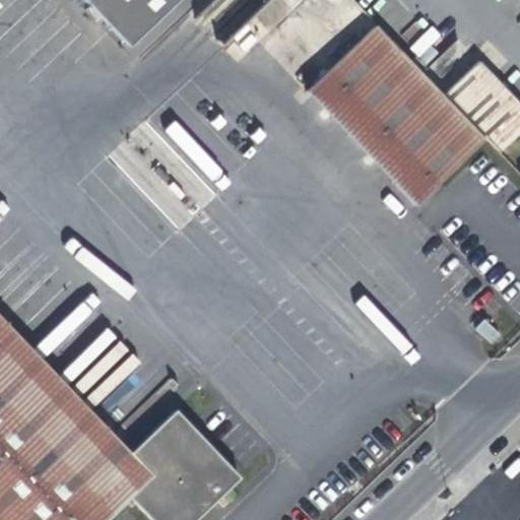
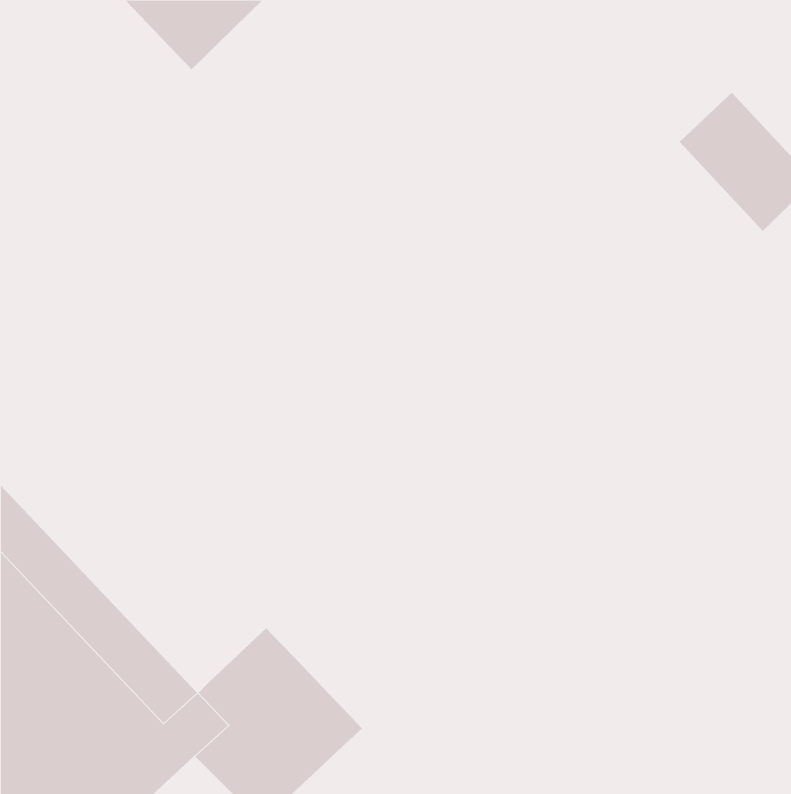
building: [309,26,485,204] -> none

